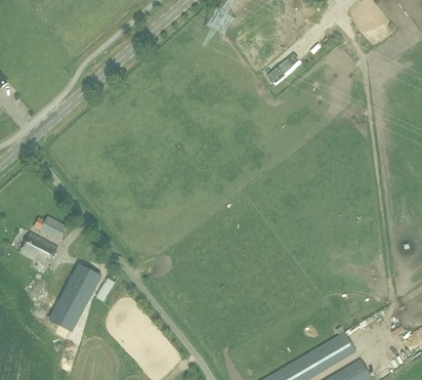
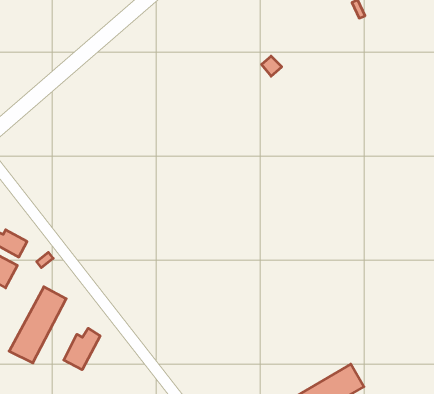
building: none -> [64,328,100,370]

